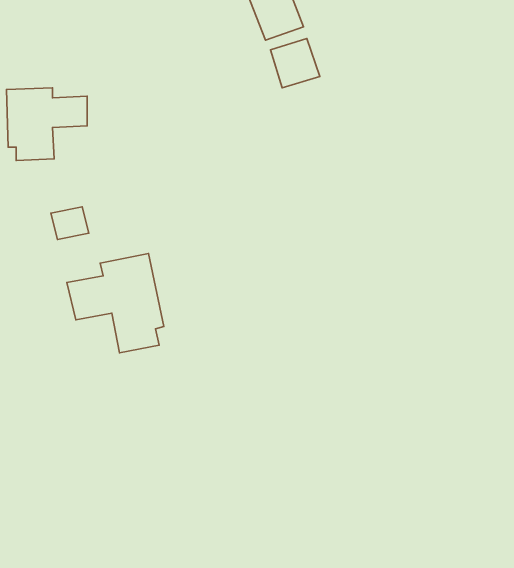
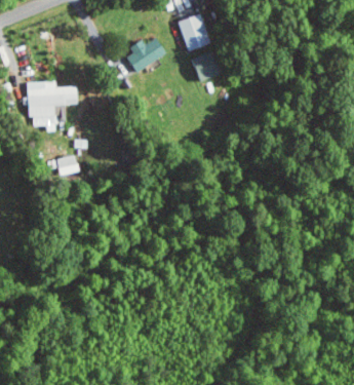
building: none -> [125,37,165,72]
building: [67,254,164,353] -> none

